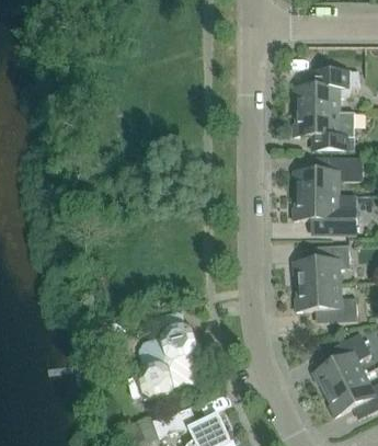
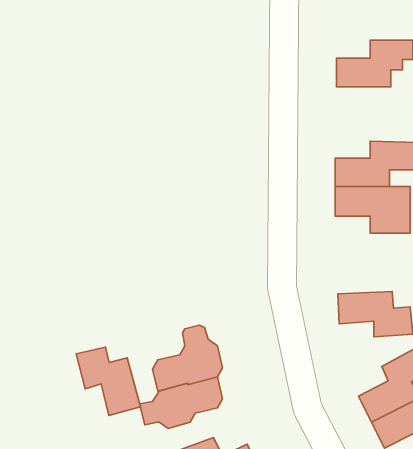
building: [294,111,354,150] -> none
building: [293,244,350,286] -> none
building: none -> [76,347,140,415]

